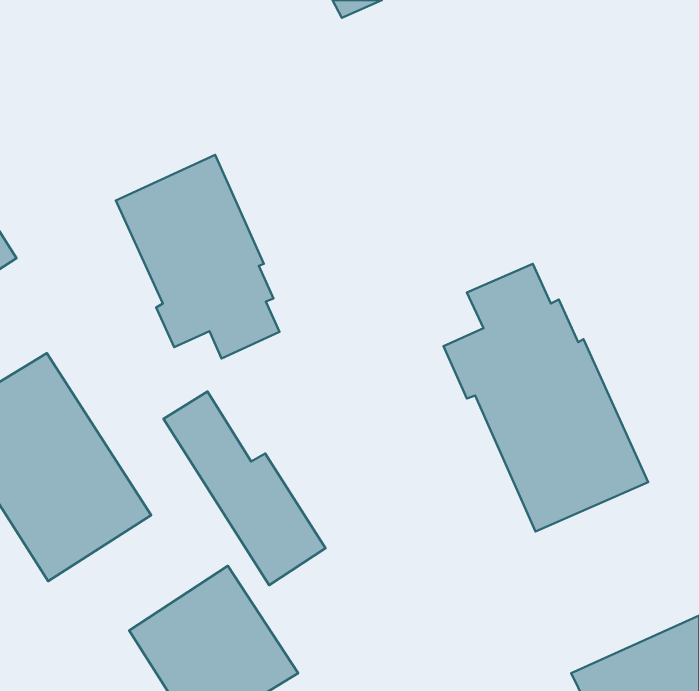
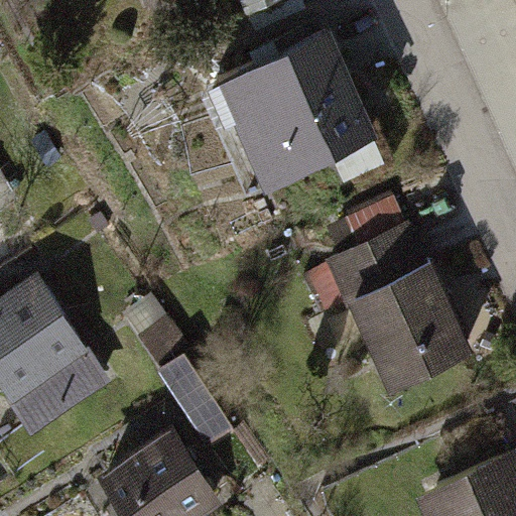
building: none -> [204,35,379,200]
building: [116,155,280,358] -> none

